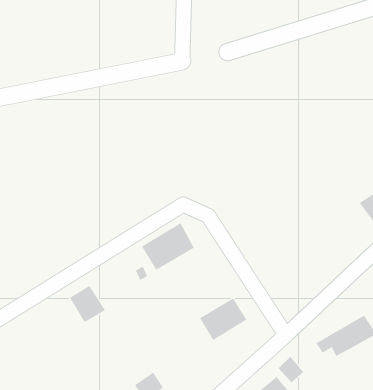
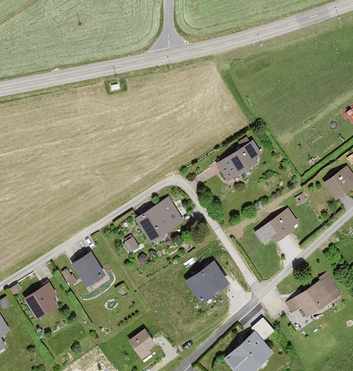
building: none -> [218,139,264,181]
building: none -> [256,207,300,242]
building: none -> [23,283,56,318]

